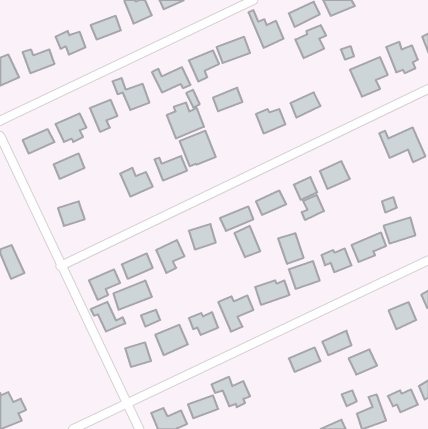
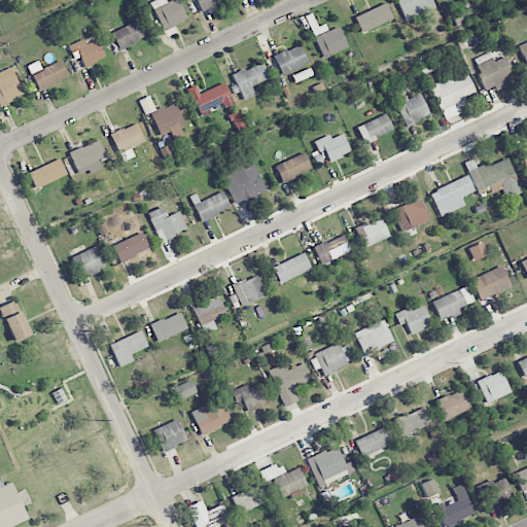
building: [295,25,326,58] -> none
building: none -> [397,94,430,125]
building: [213,88,242,111] -> [276,152,312,181]
building: [167,102,204,139] -> none
building: none -> [430,175,475,216]
building: [54,154,85,179] -> [112,232,150,262]
building: [302,195,324,220] -> none
building: [235,226,260,257] -> none
building: [278,233,303,264] -> none
building: [114,280,152,310] -> none
building: [91,302,125,332] -> none
building: [349,349,377,375] -> [436,389,471,420]
building: none -> [308,447,355,486]

